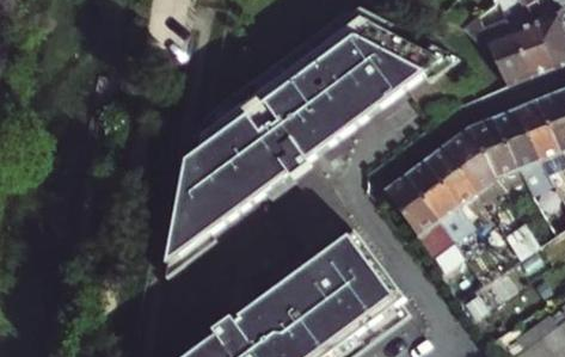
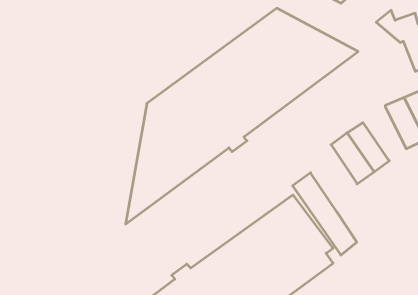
building: [443,130,495,195] -> none
building: [383,176,460,273] -> [293,173,357,255]

